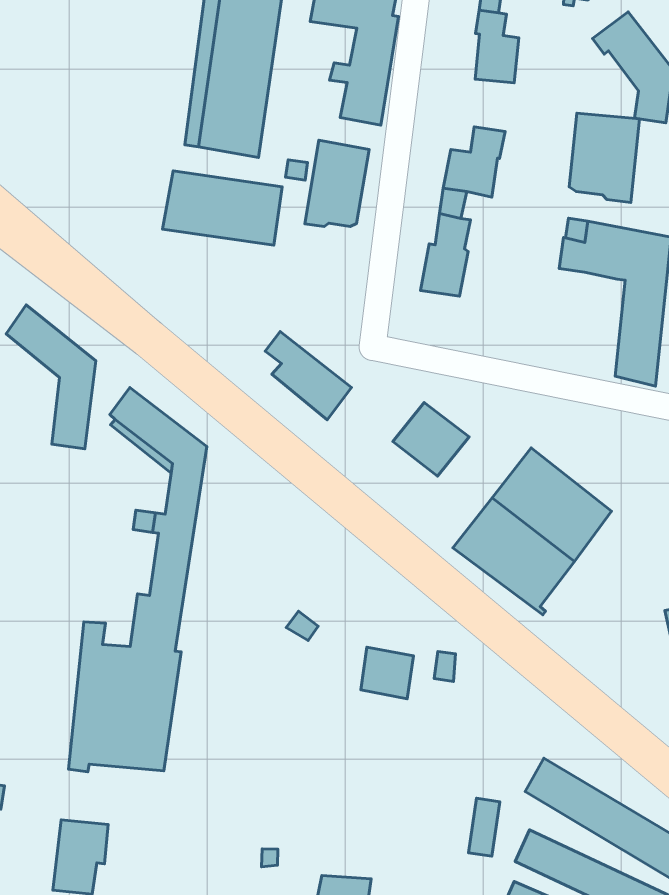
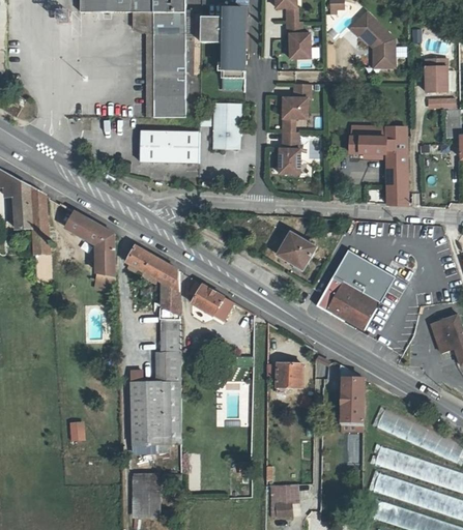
building: [569,113,640,202] -> none
building: [265,331,352,420] -> [186,279,234,322]
building: none -> [342,366,363,423]

